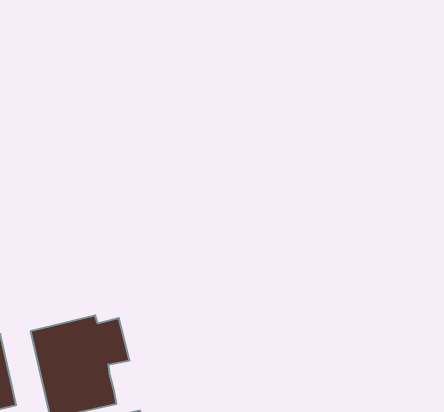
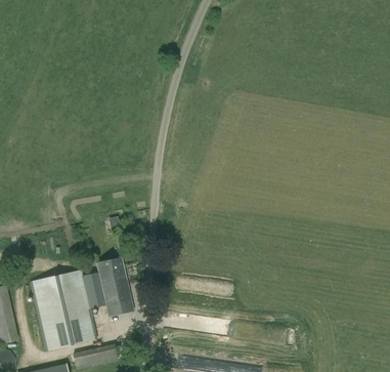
building: none -> [97,257,134,316]

